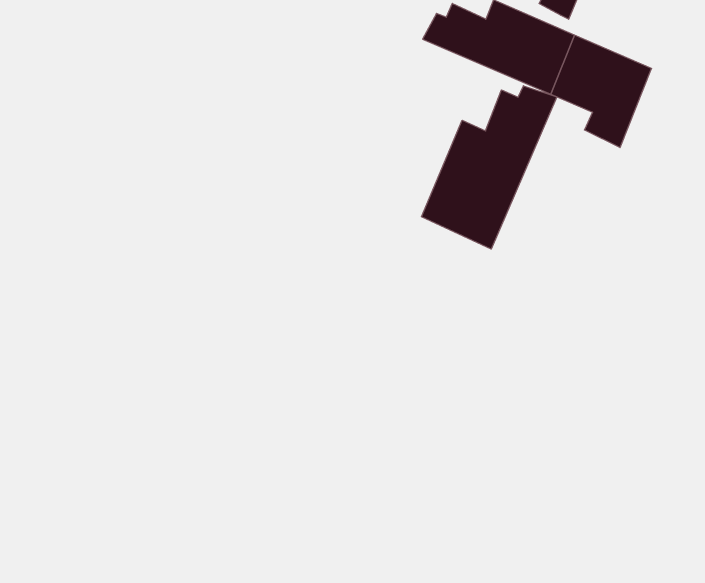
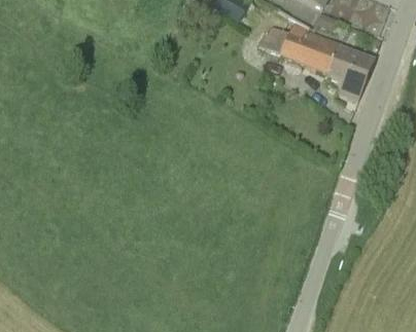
building: [421,86,557,249] -> none

